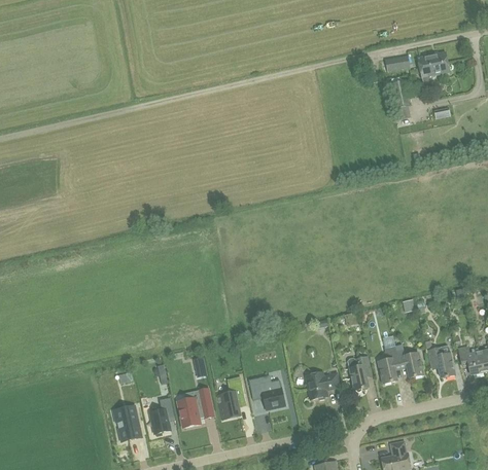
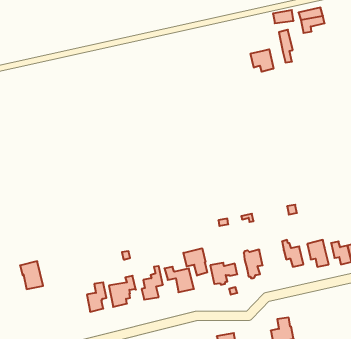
building: none -> [251,49,273,72]
building: [377,346,400,383] -> none
building: none -> [183,248,207,276]
building: [112,405,141,440] -> [20,261,43,289]

